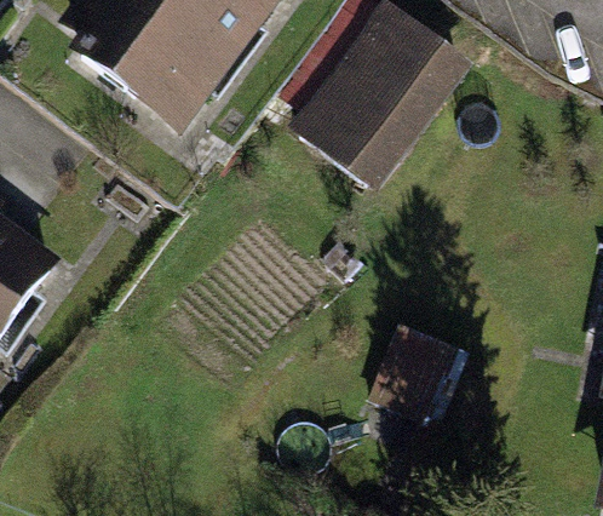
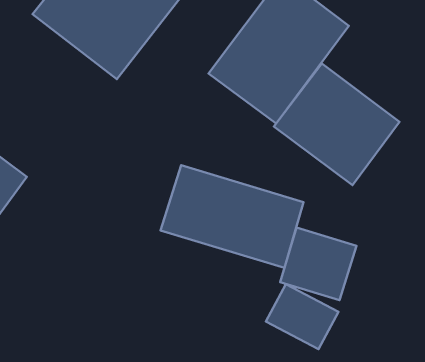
building: none -> [274,64,399,185]
building: none -> [160,165,304,268]

